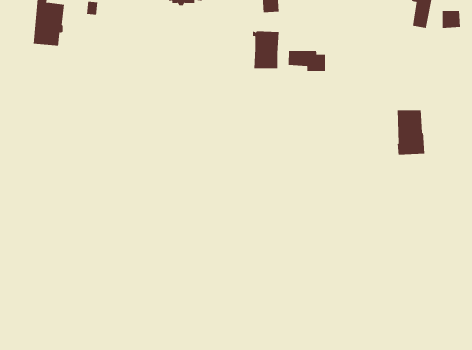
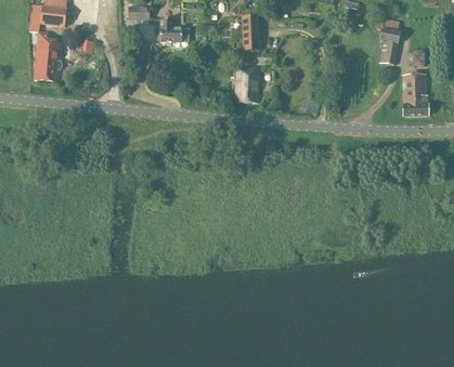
building: [288,50,326,72] -> none
building: [397,110,425,155] -> [402,74,428,115]

